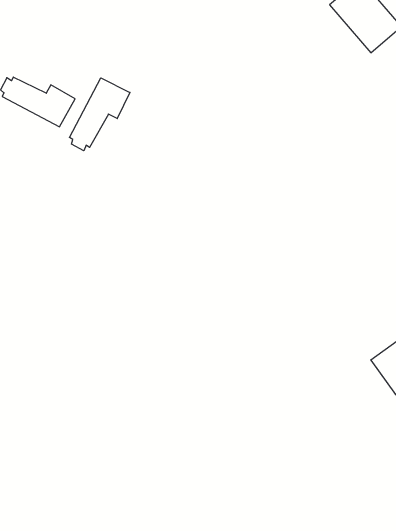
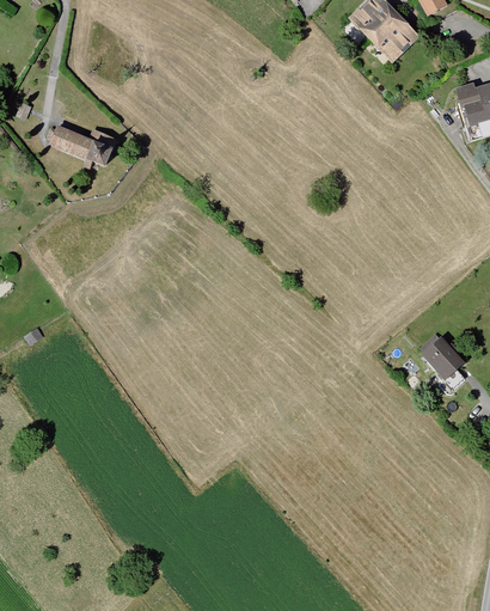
building: [69,78,130,151] -> none

